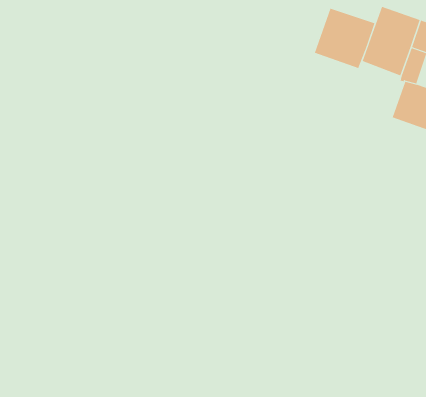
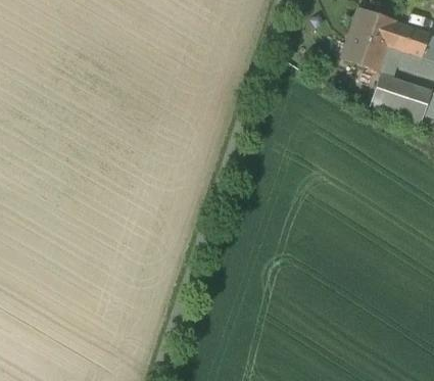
building: [314,8,375,69] -> none

